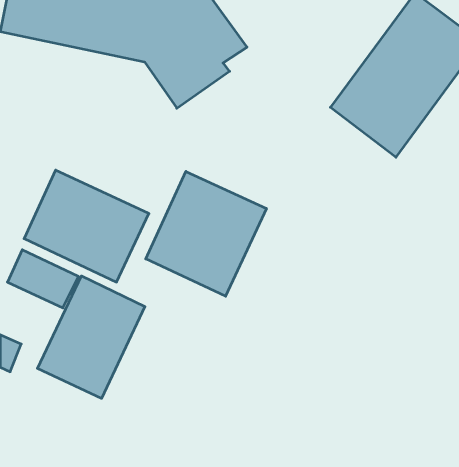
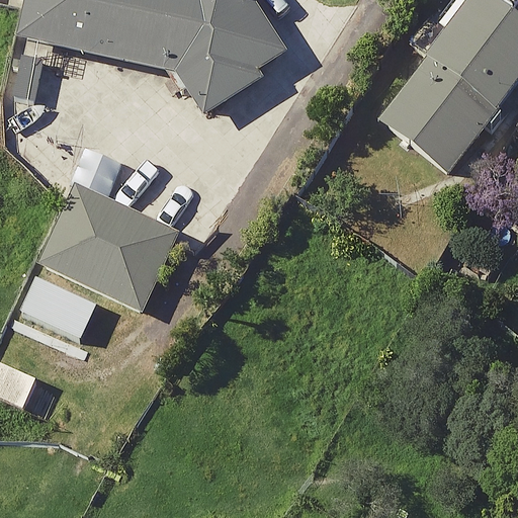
building: [146,171,266,296] -> none
building: [37,276,145,398] -> none

